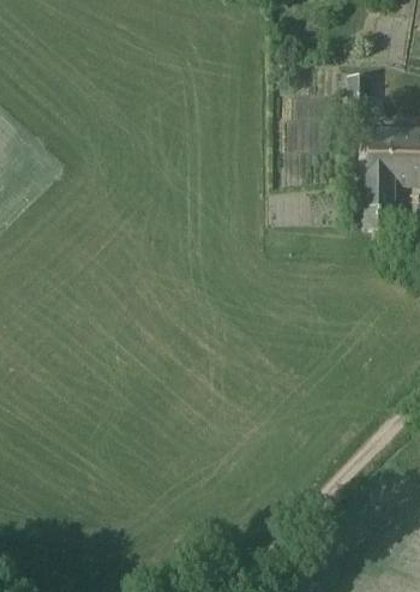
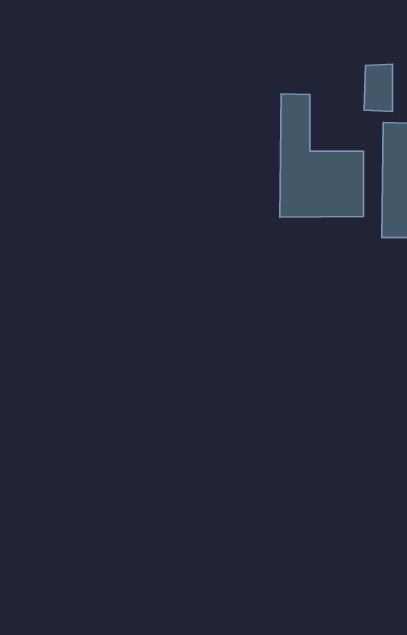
building: none -> [280,94,364,217]

